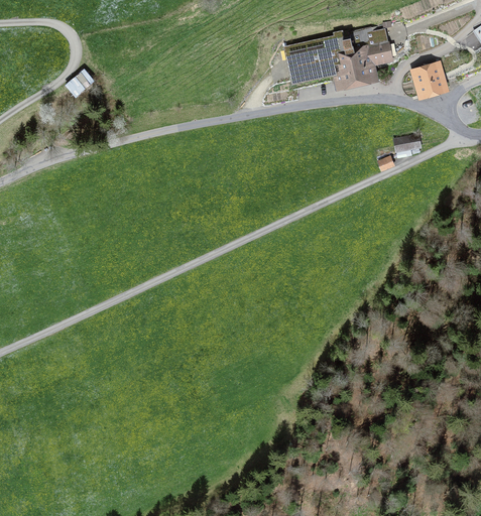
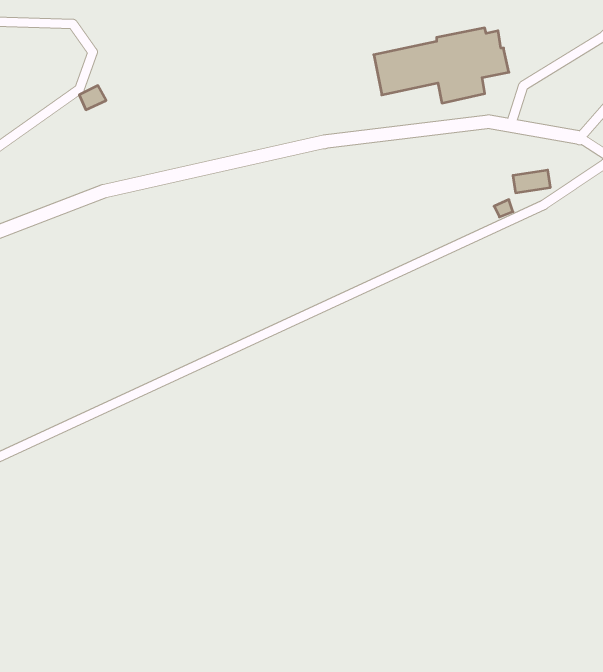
building: [418,69,445,96] -> none

